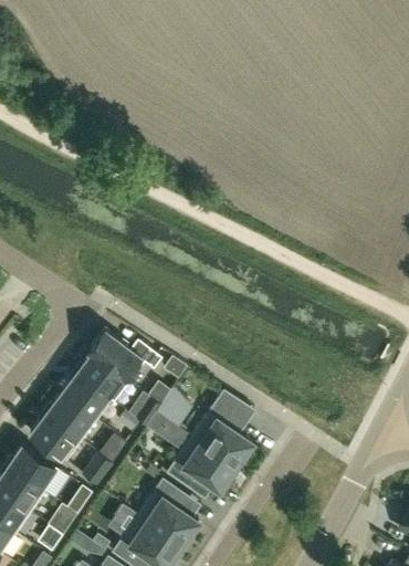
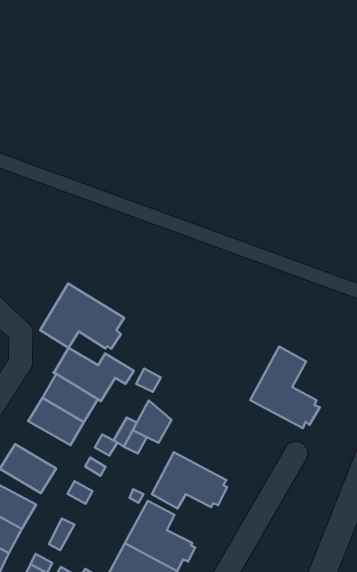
building: none -> [40,284,124,349]
building: [190,390,253,468] -> [250,346,320,428]
building: [45,394,96,440] -> none

